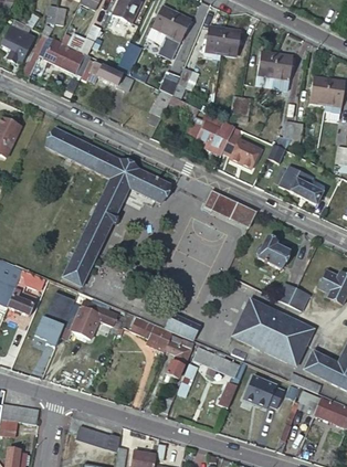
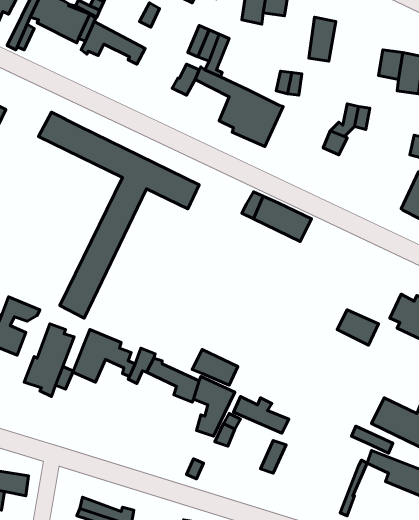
building: [271,56,293,91] -> none
building: [229,138,260,168] -> none
building: [278,161,323,202] -> none
building: [256,235,290,268] -> none
building: [232,297,314,365] -> none
building: [244,373,286,405] -> none

